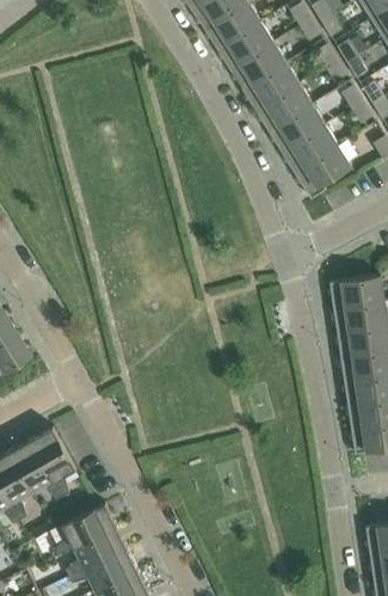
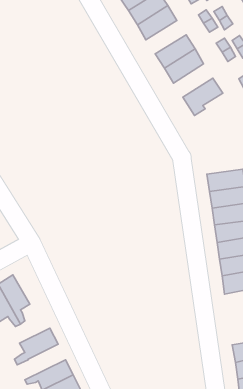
building: [244,62,301,110] -> none
building: [283,124,339,172] -> none
building: [67,526,129,577] -> none

